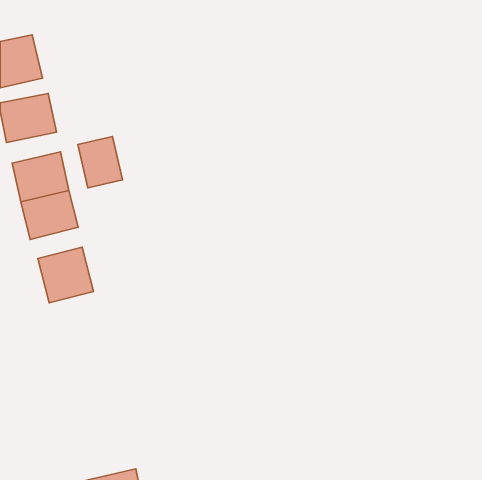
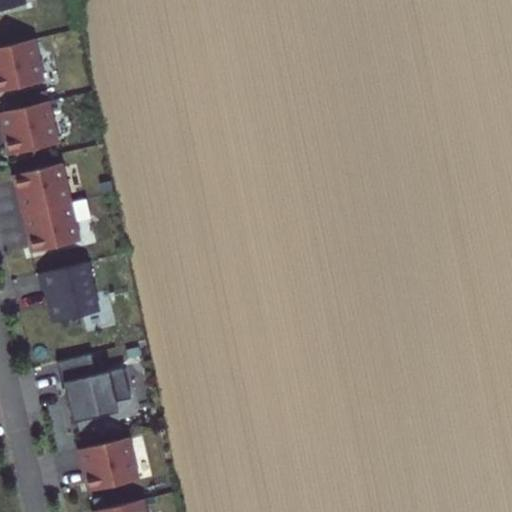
building: [78,137,123,188] -> none
building: none -> [66,363,131,415]
building: none -> [75,439,137,492]

